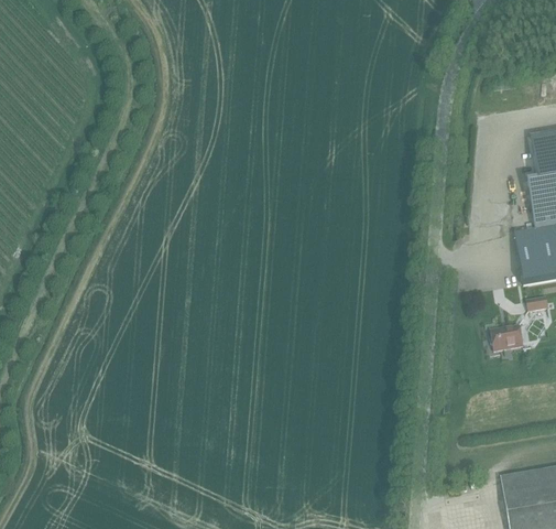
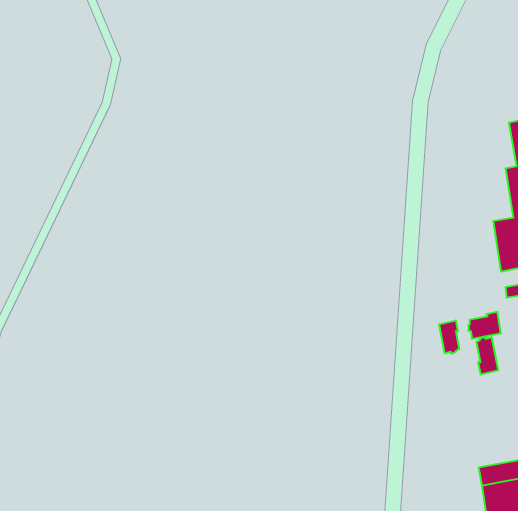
building: none -> [439,320,459,354]
building: none -> [476,336,498,375]

